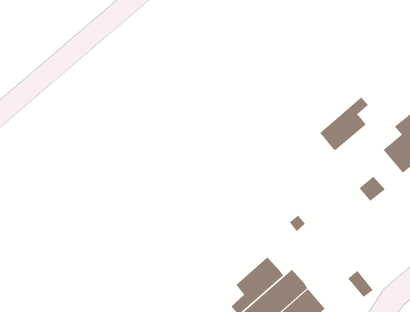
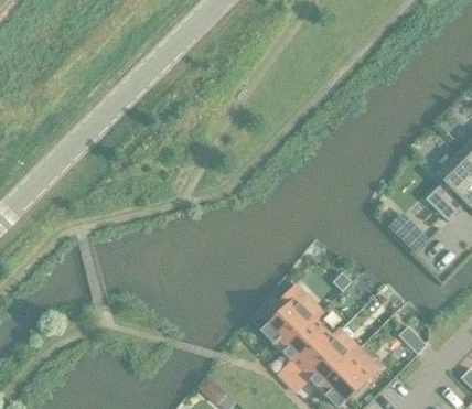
building: [319,97,369,151] -> none
building: none -> [262,293,321,352]

